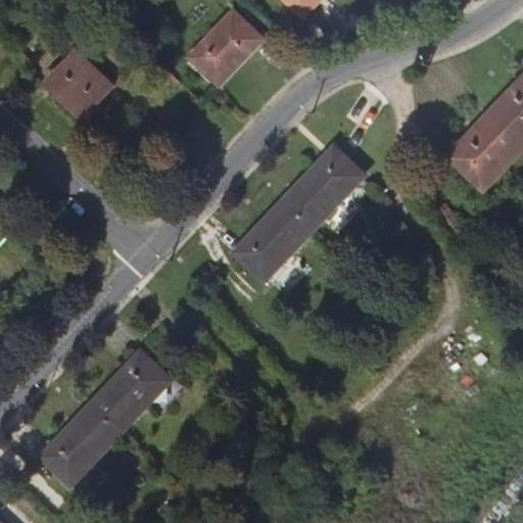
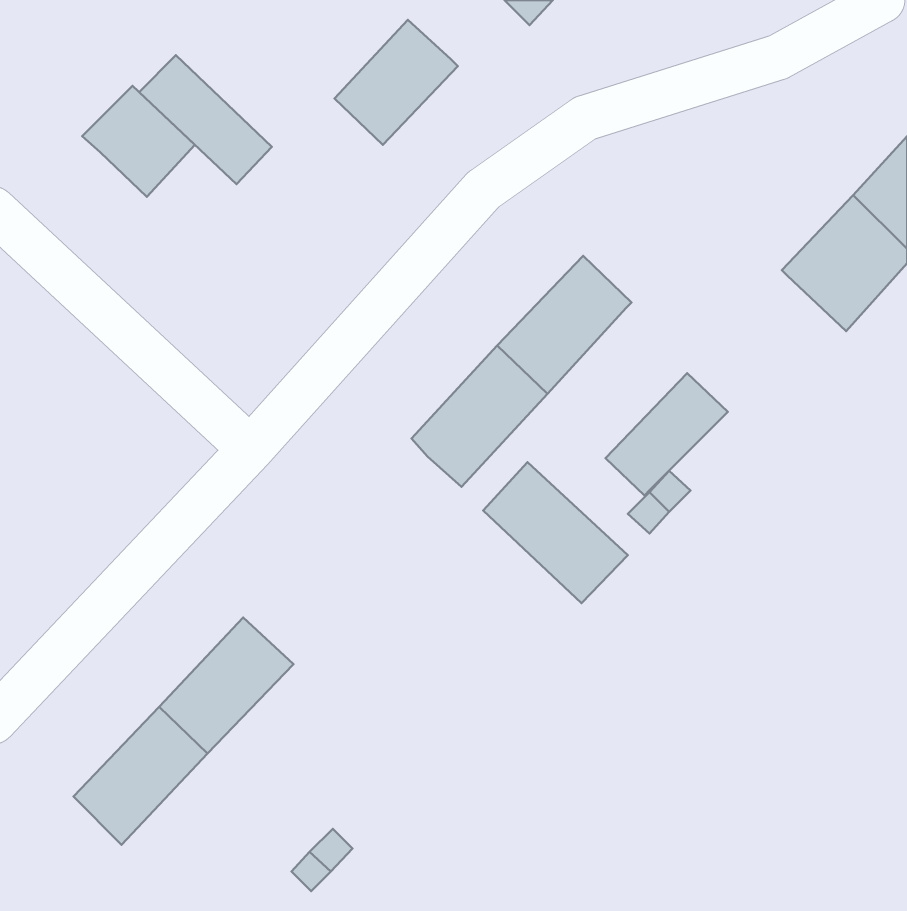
building: none -> [139,55,272,184]
building: none -> [606,373,728,496]
building: none -> [483,462,628,603]

